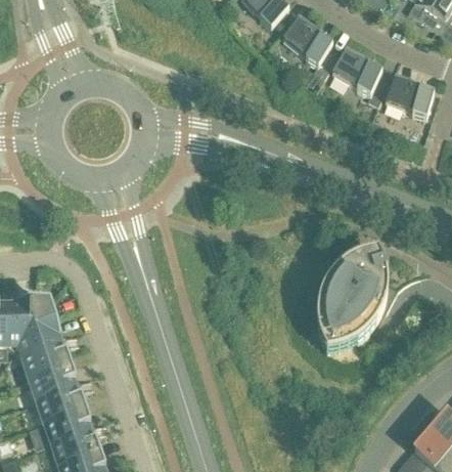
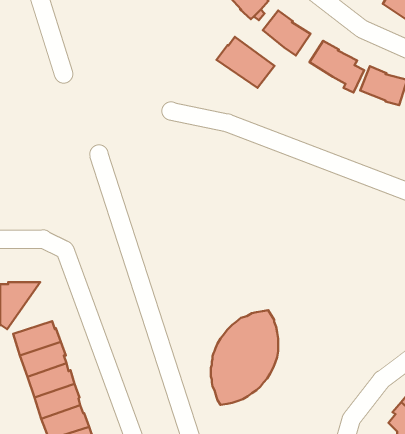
building: none -> [216,37,274,88]
building: [316,250,387,349] -> [211,310,278,405]
building: [14,301,61,355] -> none

